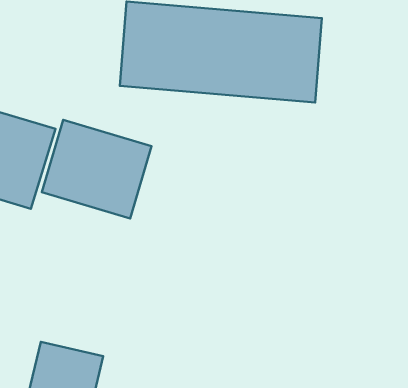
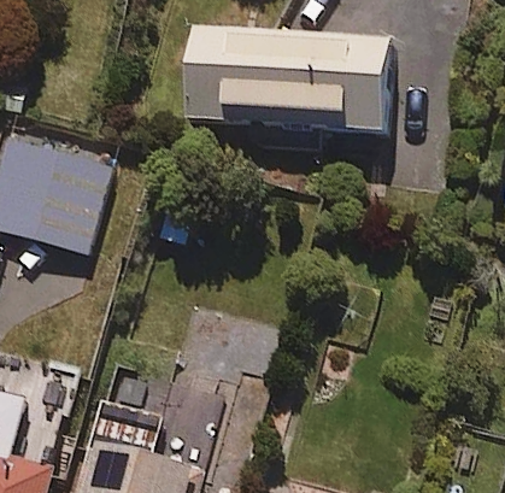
building: [42,120,151,219] -> none

